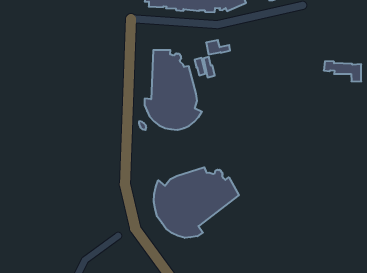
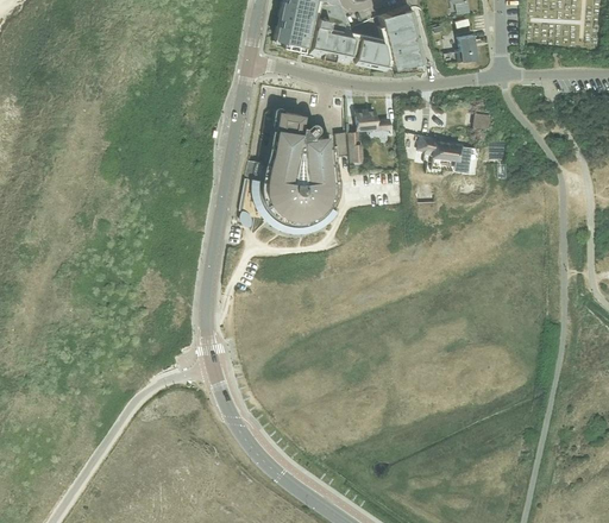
building: [324,61,361,81] -> [419,136,475,172]
building: [154,167,239,238] -> none

